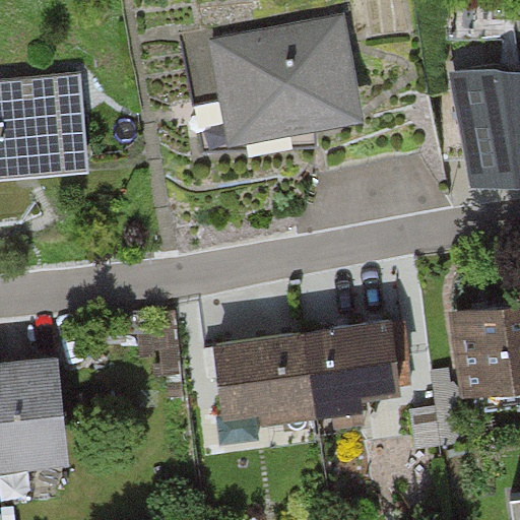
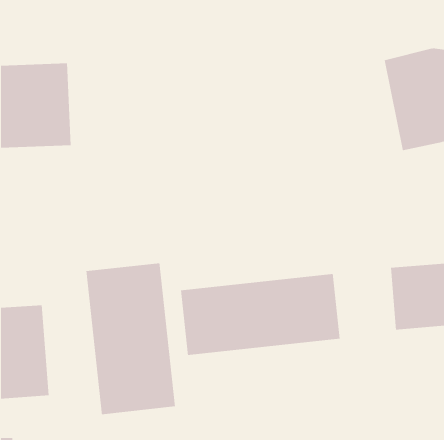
building: [208,16,364,143] -> none
building: none -> [86,262,176,415]

